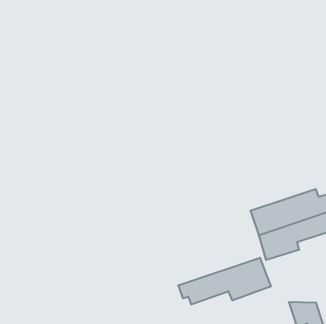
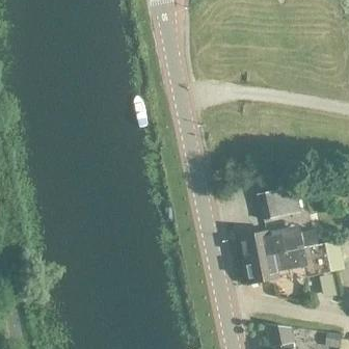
building: none -> [260,186,303,220]
building: [178,258,271,305] -> none

